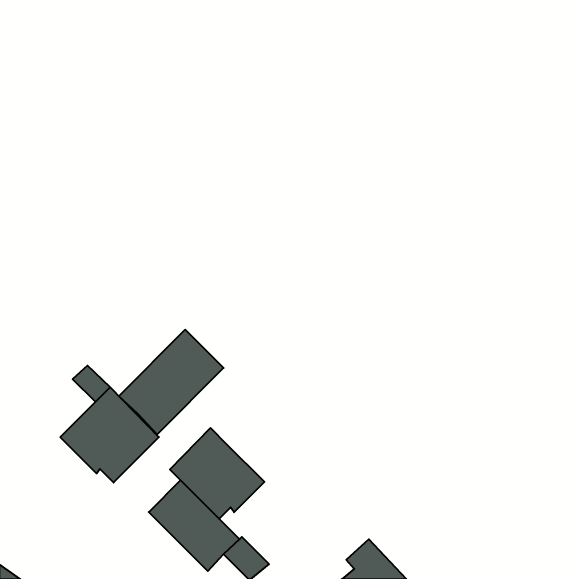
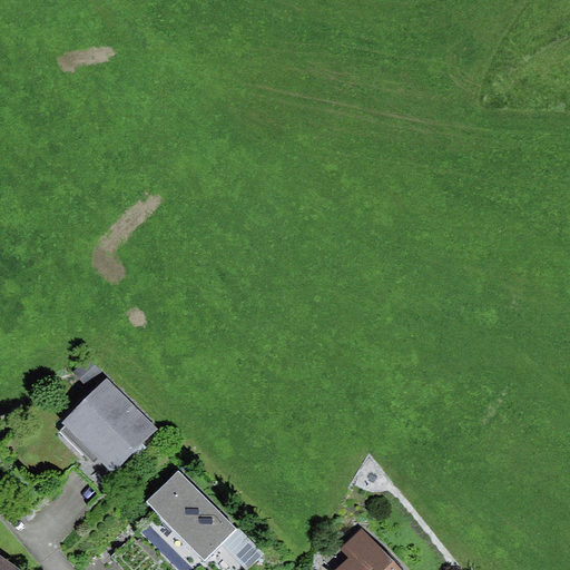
building: [119,330,224,434] -> none
building: [170,428,264,519] -> none

